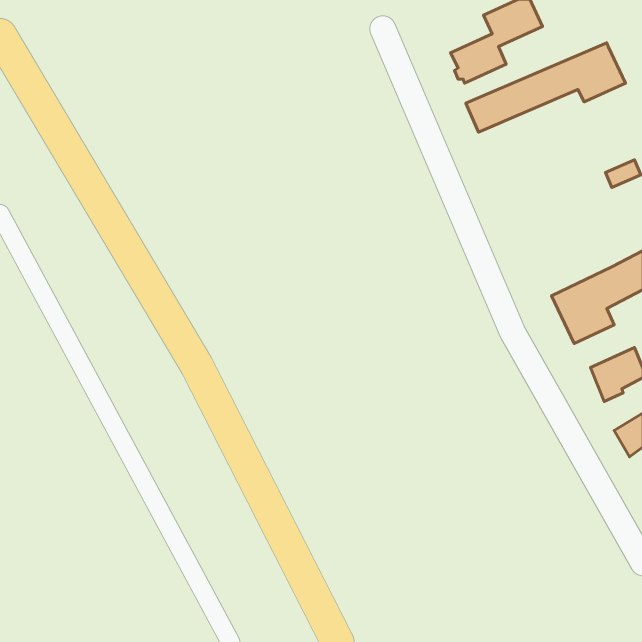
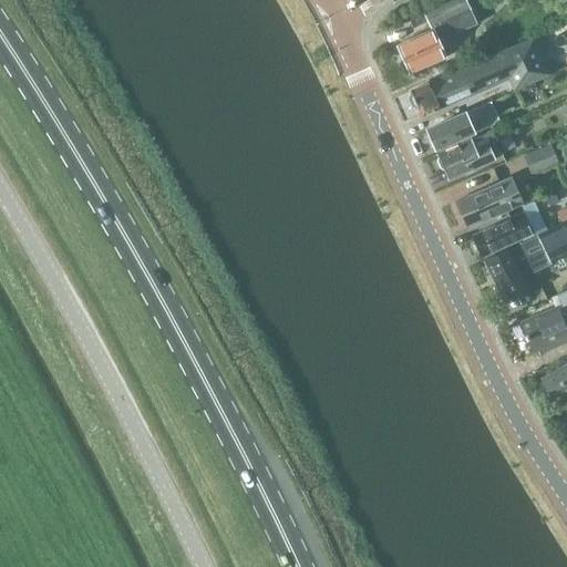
building: none -> [429,102,501,150]
building: none -> [439,130,504,178]
building: none -> [457,177,523,227]
building: none -> [473,213,534,257]

